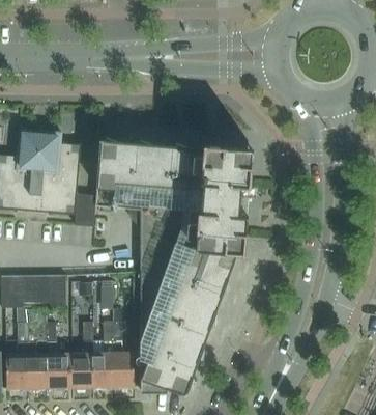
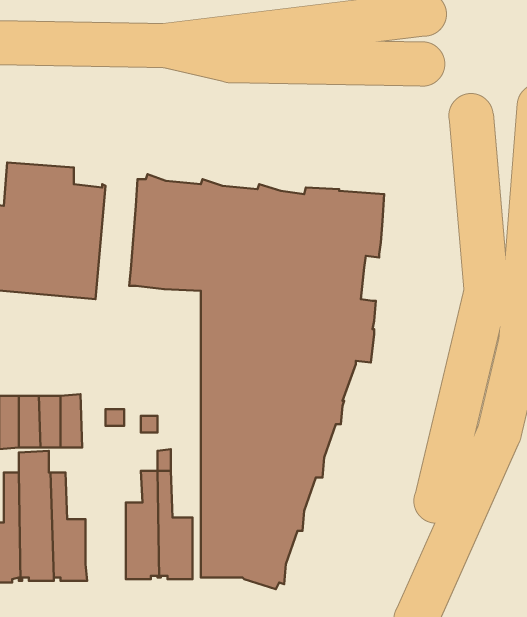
building: [75,194,95,226] -> none
building: [71,322,92,390] -> none

